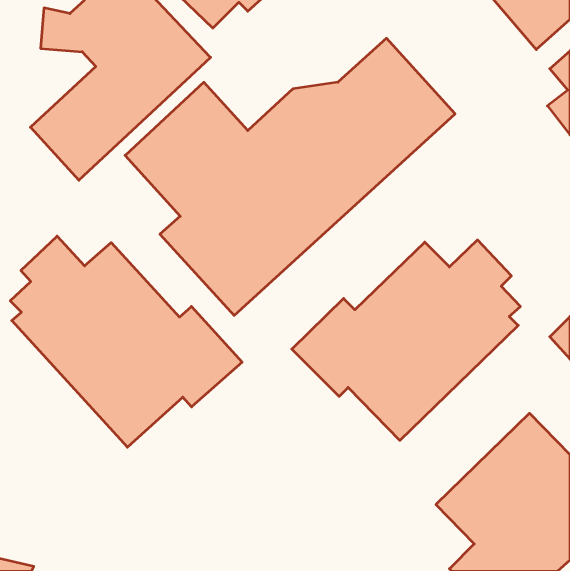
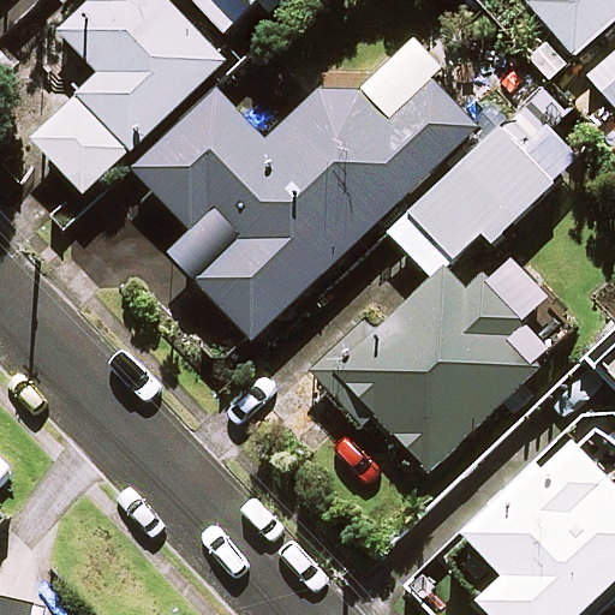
building: none -> [388,101,577,273]
building: [10,236,242,447] -> none

